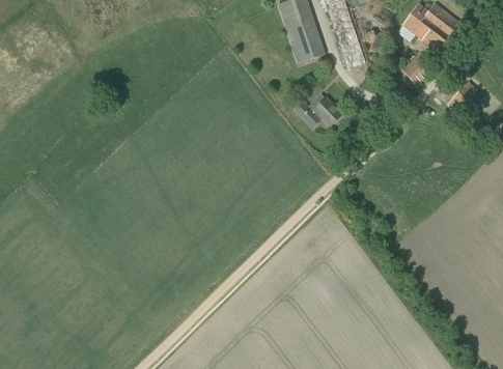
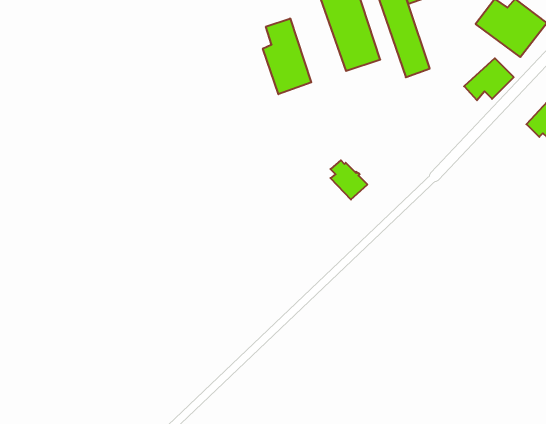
building: none -> [263,18,311,94]
building: [313,94,343,126] -> [330,160,367,200]

